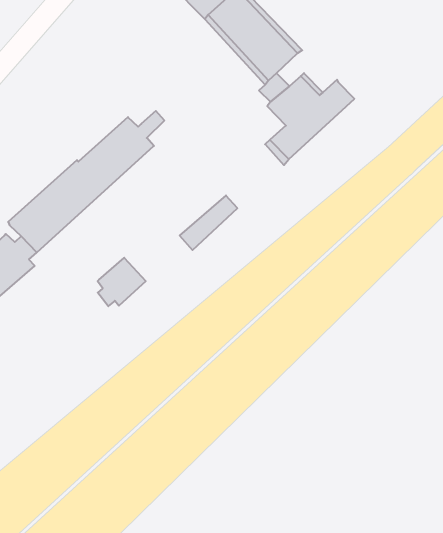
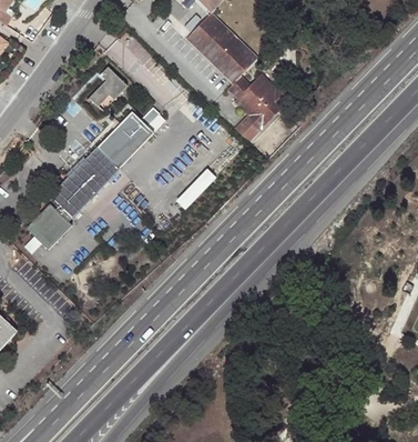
building: none -> [89,68,126,111]
building: [98,258,146,306] -> none

